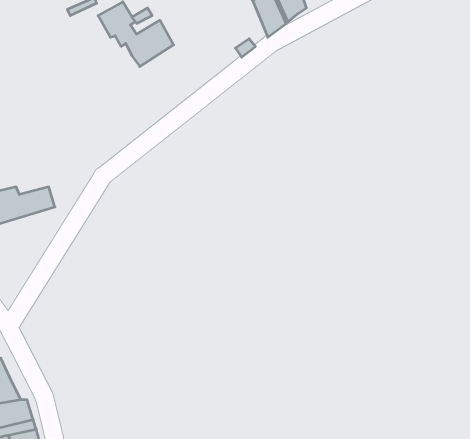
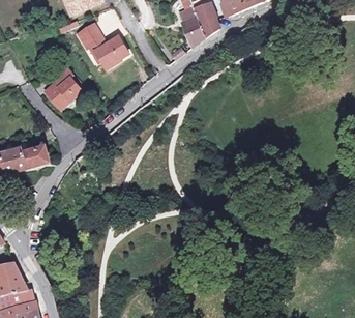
building: none -> [46,63,83,107]

